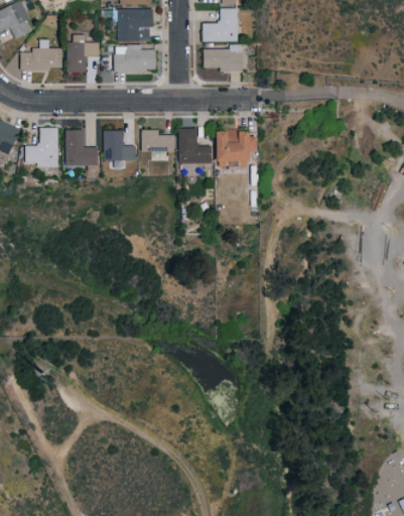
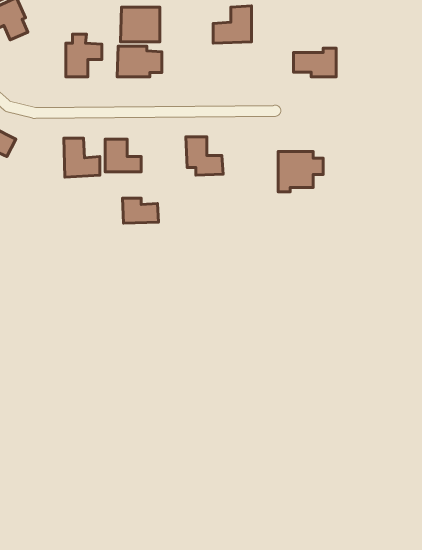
building: [20,39,61,72] -> none
building: [203,45,242,72] -> [294,48,336,77]
building: [24,128,58,166] -> none
building: [141,130,174,153] -> [123,198,159,223]
building: [214,131,255,168] -> [278,151,323,192]

